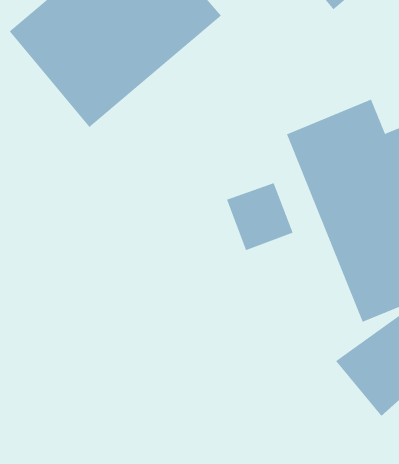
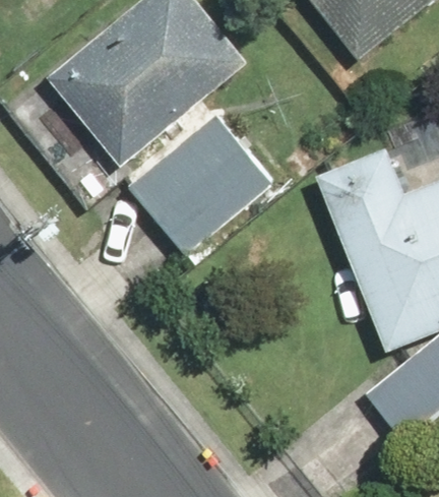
building: none -> [126,116,281,270]

